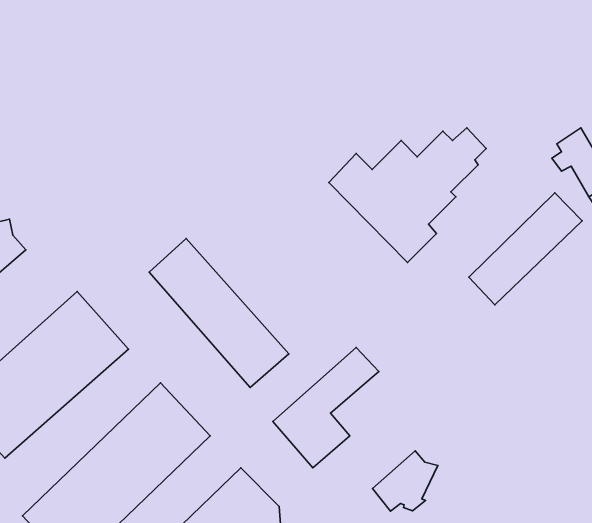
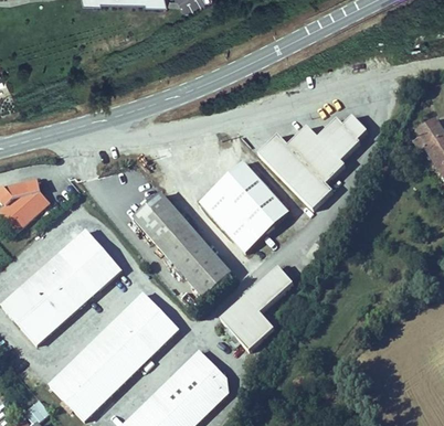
building: none -> [200,161,289,251]
building: [469,193,582,305] -> none
building: [373,451,438,511] -> none

